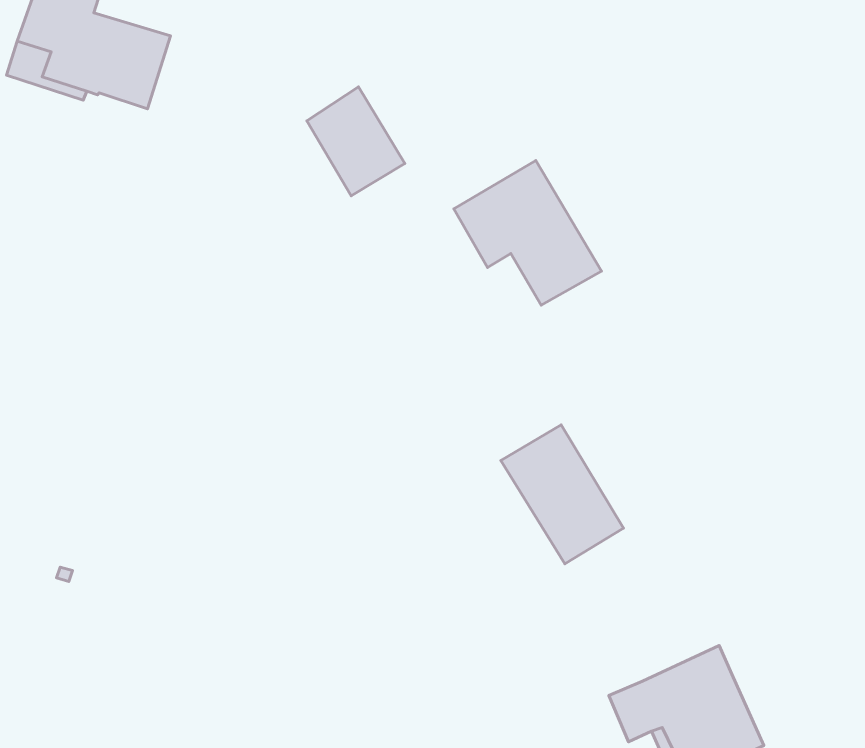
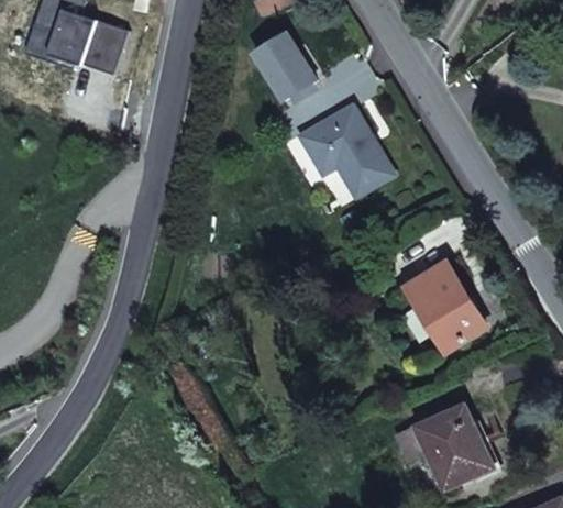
building: [307,87,405,196] -> [255,32,316,99]
building: [501,425,624,564] -> [408,264,484,350]

